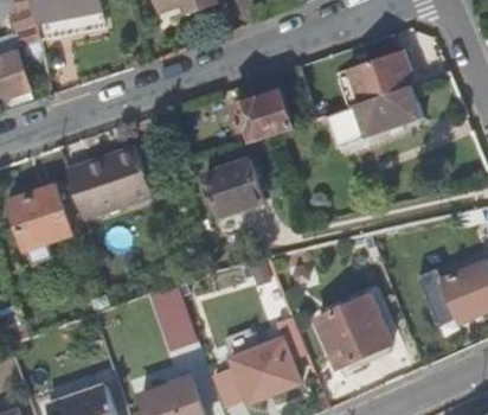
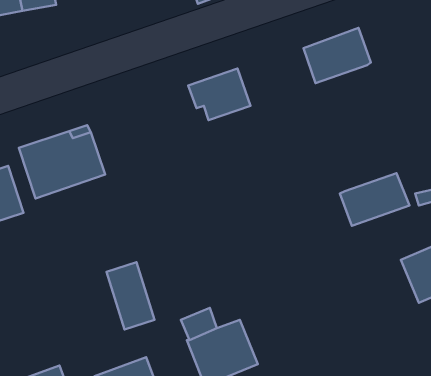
building: [351,88,419,140] -> [340,173,410,226]
building: [200,159,261,218] -> none
building: [316,296,391,368] -> none

